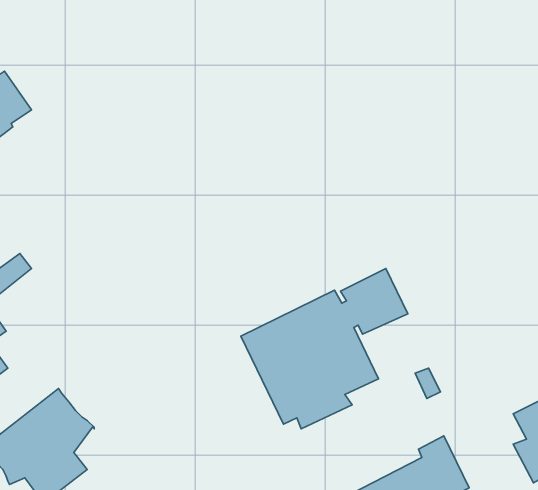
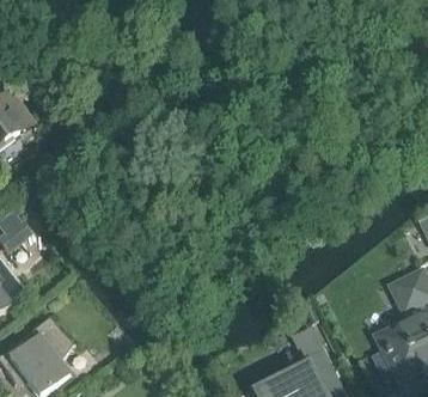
building: [241,268,408,429] -> none

